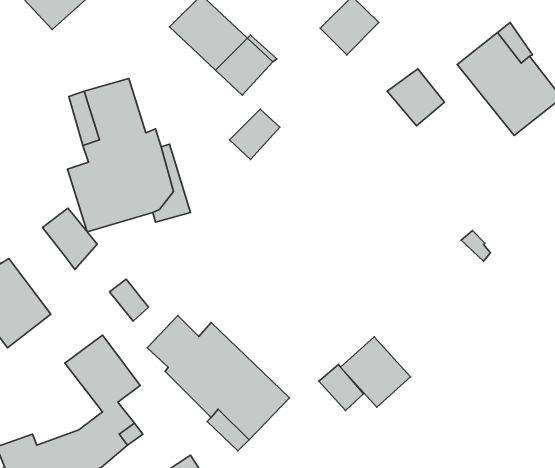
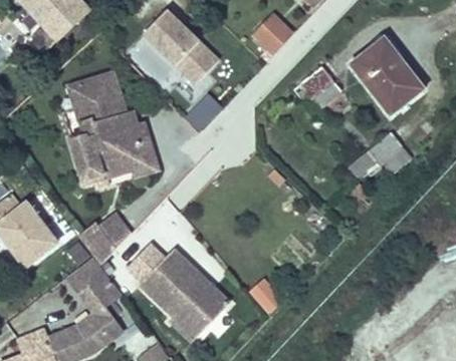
building: none -> [349,131,412,178]
building: [43,208,97,269] -> [77,222,117,266]
building: [341,337,410,407] -> none

